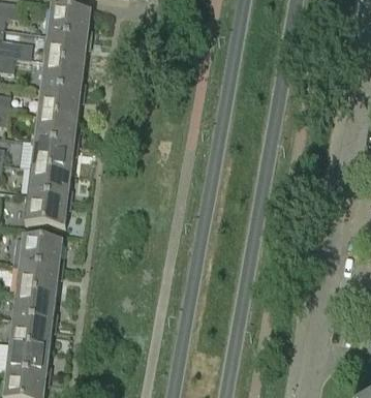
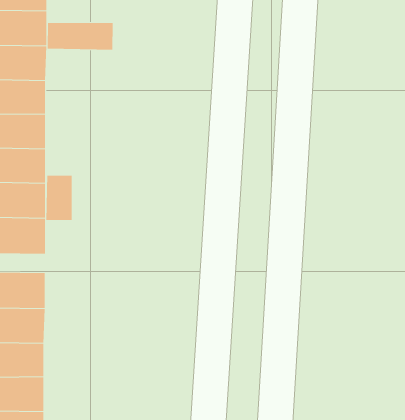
building: none -> [47,22,113,51]
building: none -> [46,175,72,221]

